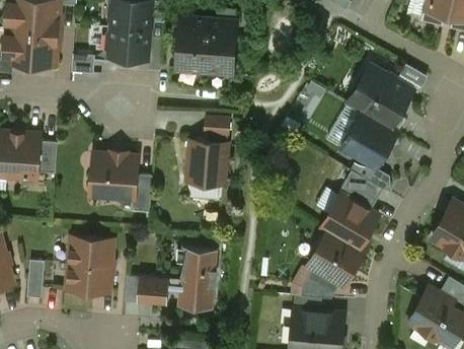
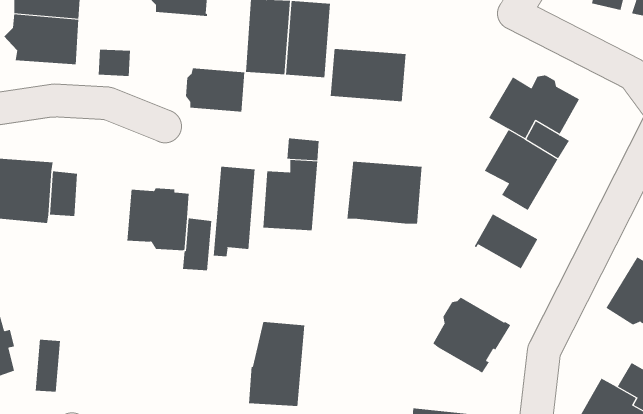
building: [106,28,149,60] -> [185,68,245,112]
building: none -> [330,48,406,102]
building: none -> [347,161,422,225]
building: none -> [213,166,255,257]
building: [321,194,378,249] -> none
building: [67,237,115,295] -> none
building: [300,267,340,298] -> none
building: [125,276,169,305] -> none

